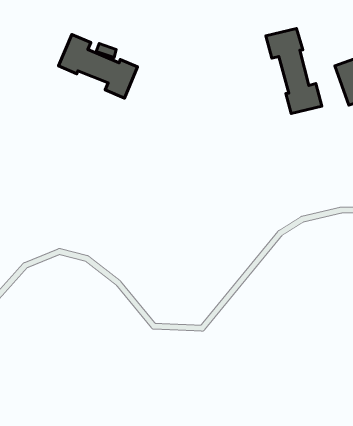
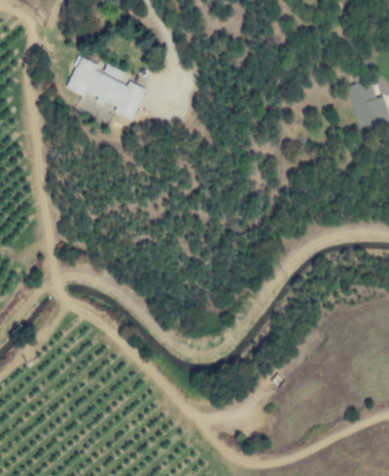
building: [266,29,322,113] -> none

